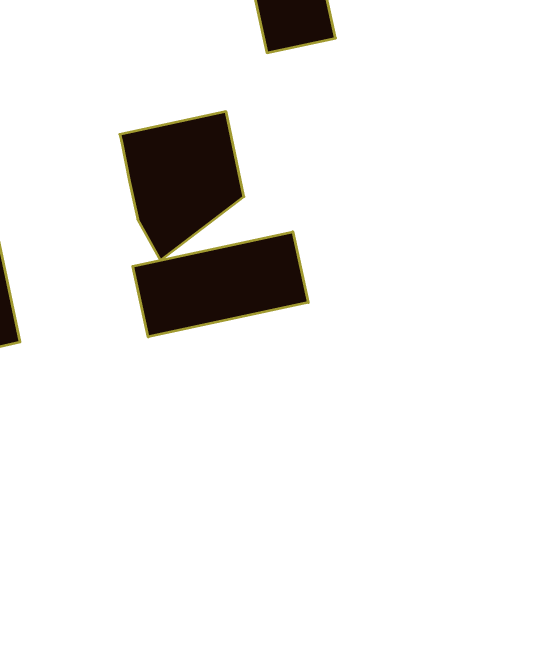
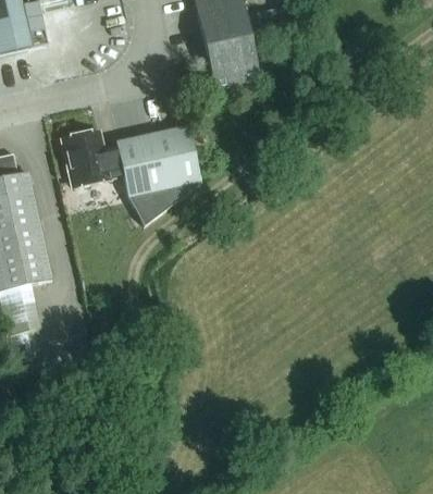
building: none -> [62,129,123,186]
building: [133,232,308,337] -> none

